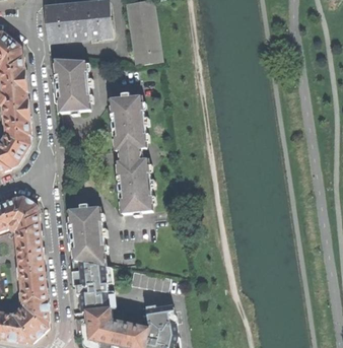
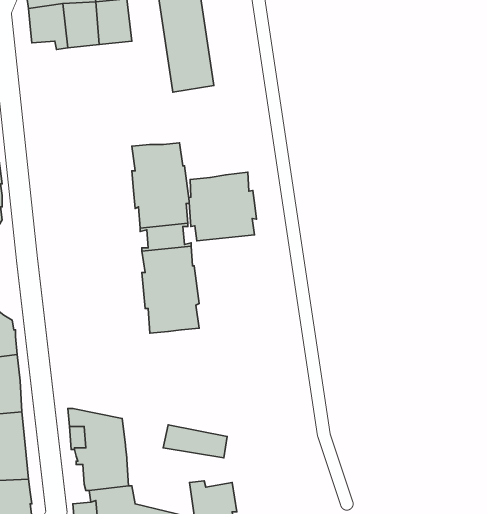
building: [56,60,91,113] -> none
building: none -> [189,172,256,241]
building: [70,207,106,267] -> none

